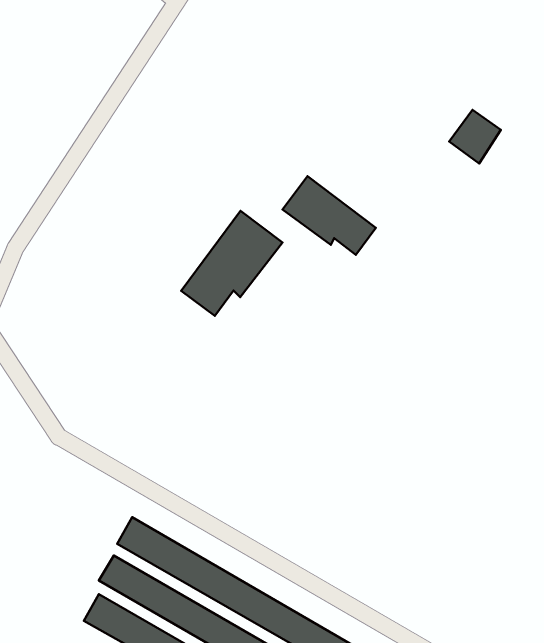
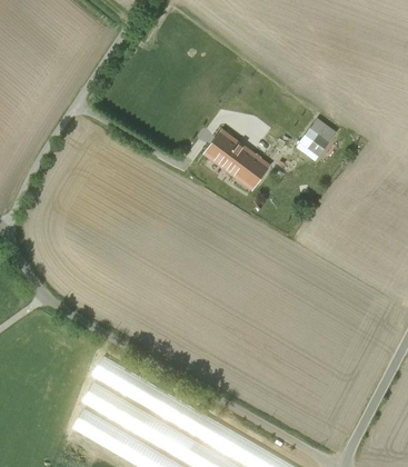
building: [449,110,501,163] -> [302,122,337,158]
building: [181,211,283,316] -> none

